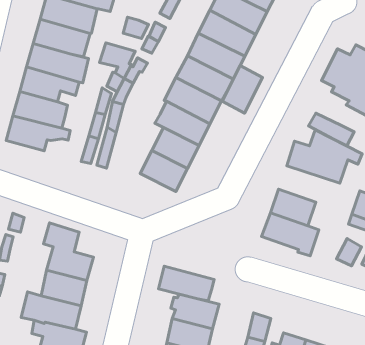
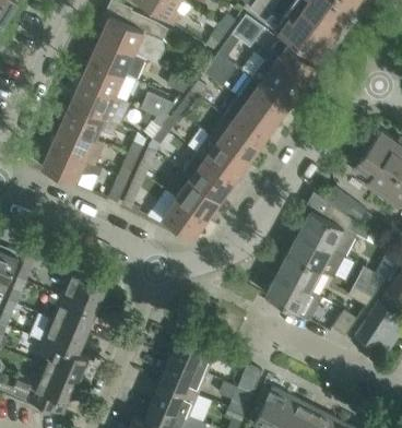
building: [222,66,262,113] -> none
building: none -> [287,234,345,278]
building: [159,266,214,301] -> none

